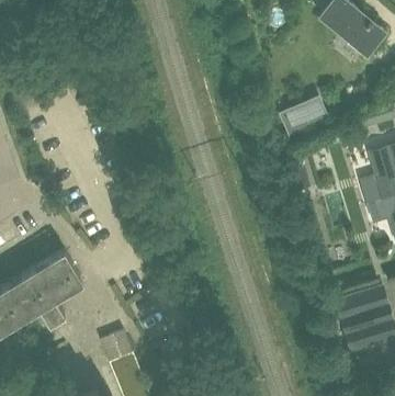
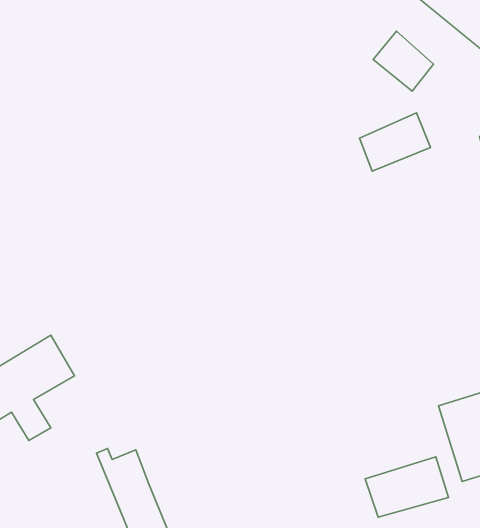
building: none -> [373,31,434,91]
building: none -> [365,457,449,517]

